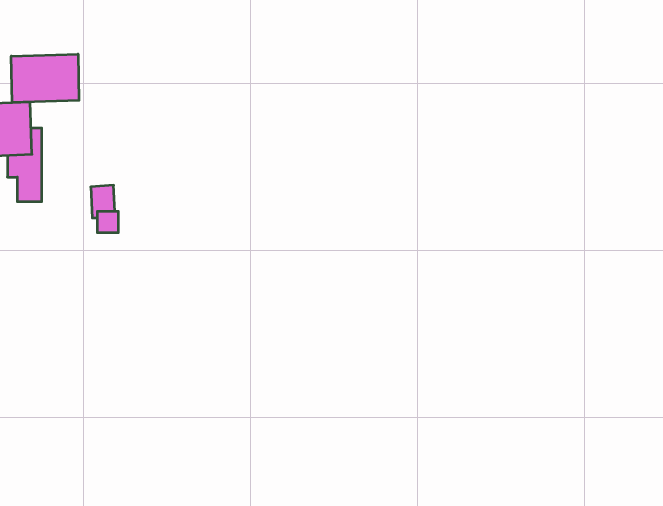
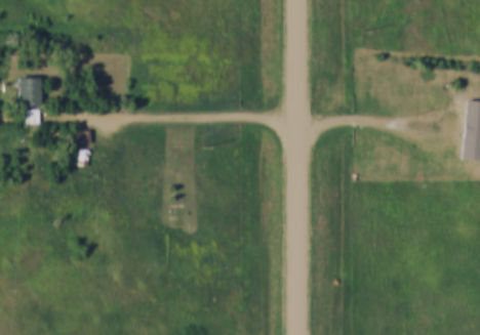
building: [11,54,79,103] -> none

